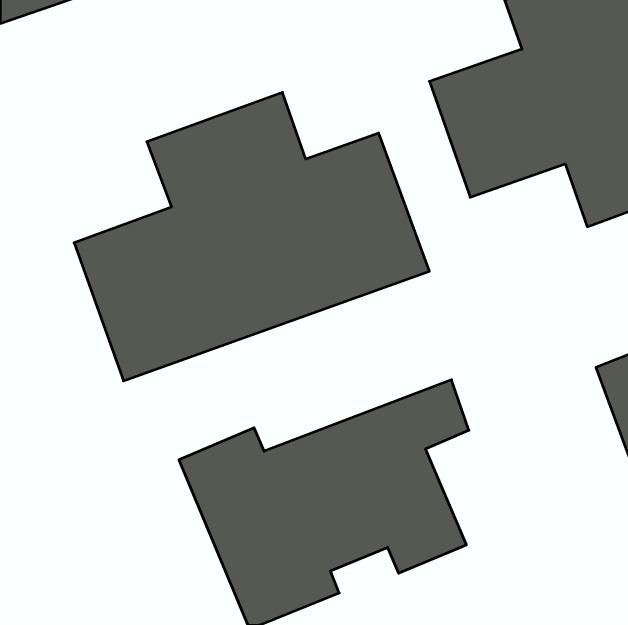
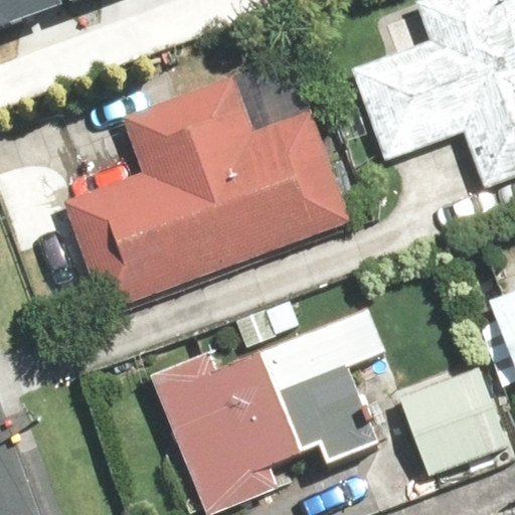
building: none -> [399,363,509,473]

